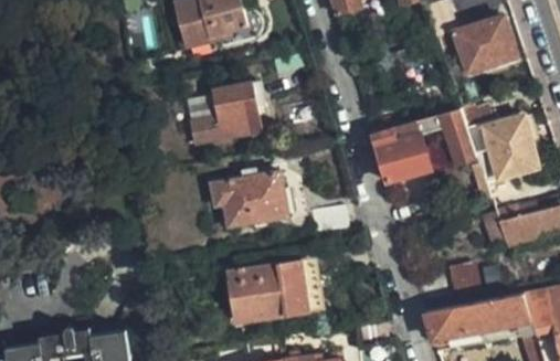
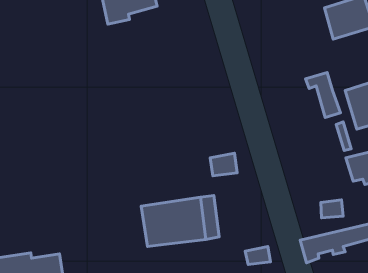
building: [191,79,263,141] -> none
building: [372,117,434,183] -> none
building: [211,171,287,226] -> none

